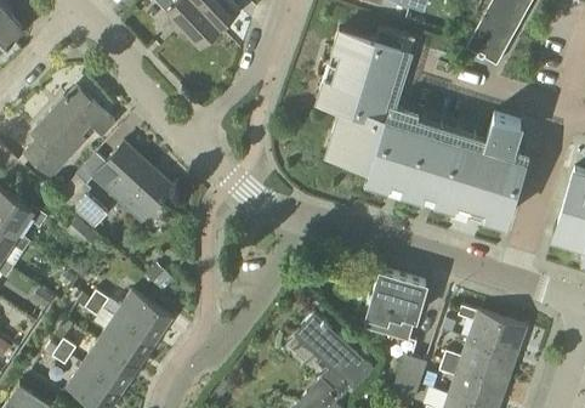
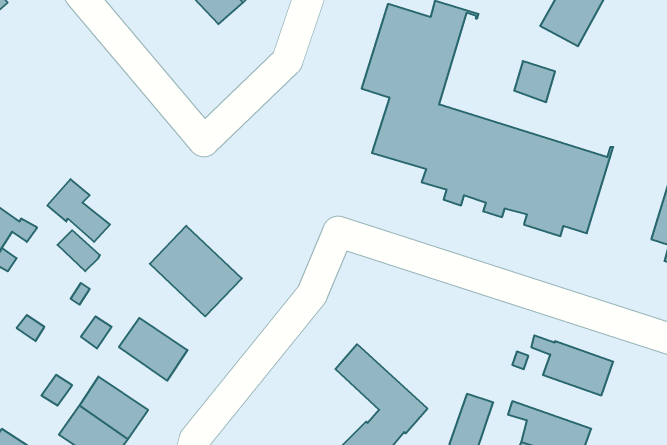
building: [25,86,115,176] -> none
building: [487,113,521,147] -> [514,61,555,102]
building: [95,143,171,219] -> [150,226,242,316]
building: [364,270,426,340] -> none
building: [100,314,157,367] -> none
building: [443,338,517,382] -> none

